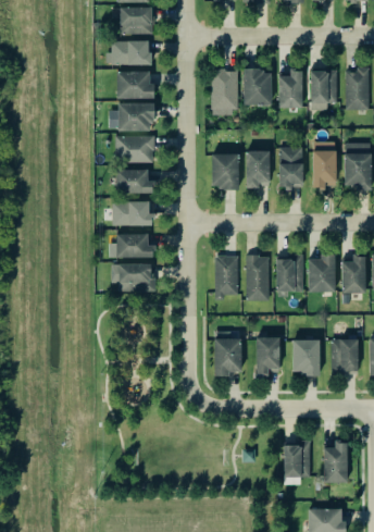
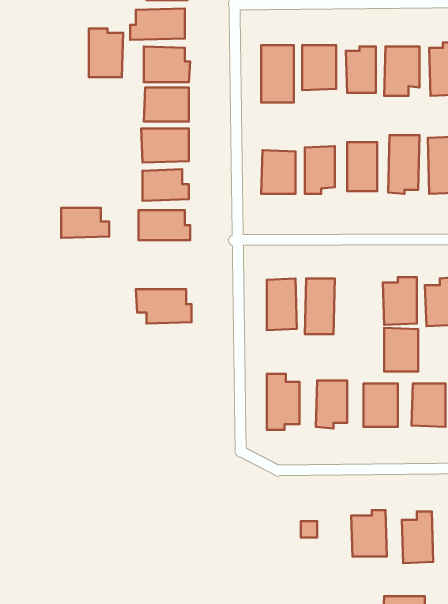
building: none -> [89,28,123,77]
building: [116,234,154,258] -> [61,208,109,238]
building: [276,257,303,292] -> [384,328,418,371]

